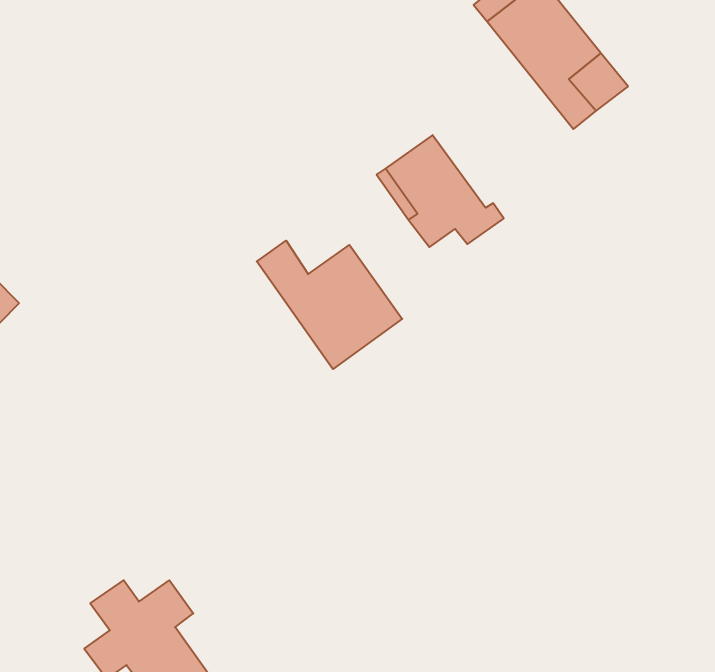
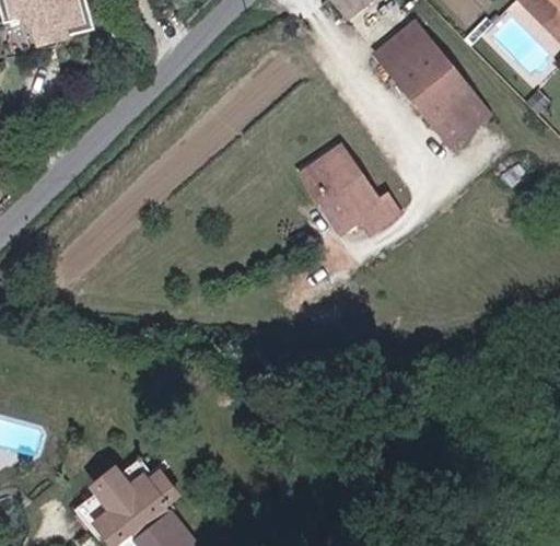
building: [257,241,402,369] -> none

